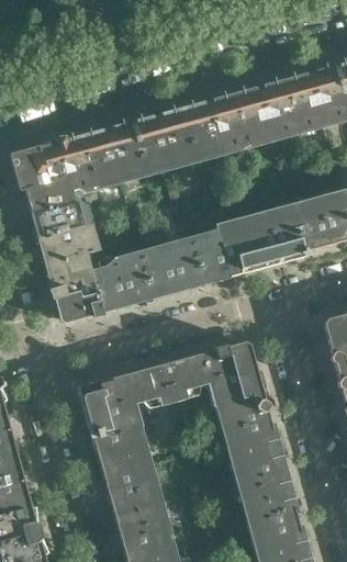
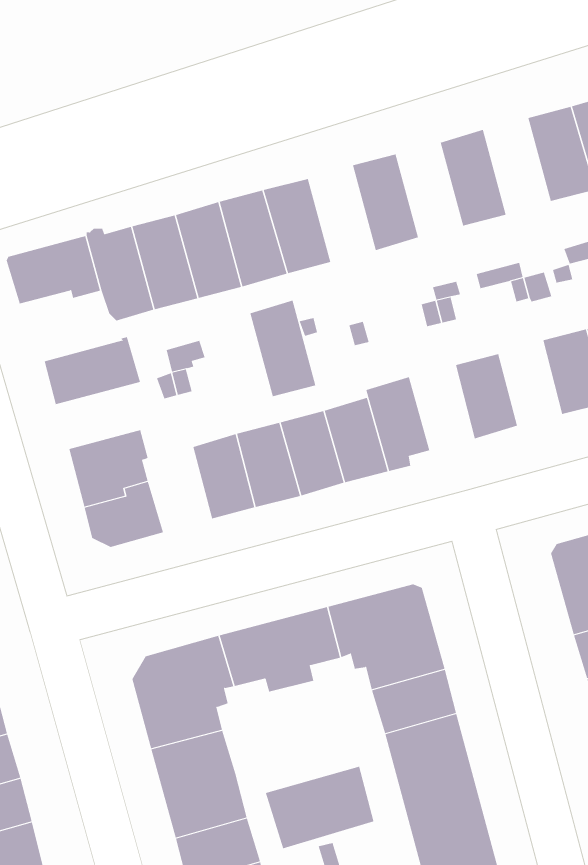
building: [284,74,323,130] -> none
building: [234,88,272,143] -> none
building: [183,101,222,157] -> [249,300,316,397]
building: [16,173,76,214] -> none
building: [293,202,329,251] -> none
building: [242,216,279,266] -> none
building: [37,226,93,265] -> none
building: [88,263,127,313] -> none
building: none -> [265,766,374,849]

